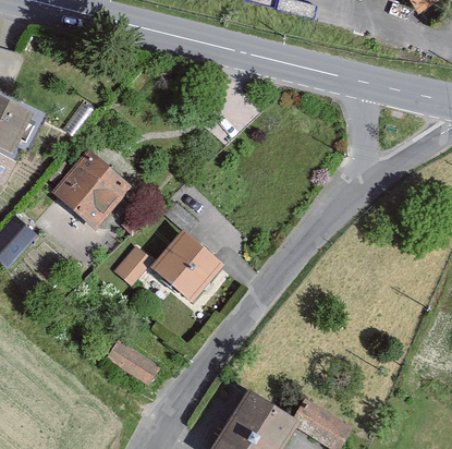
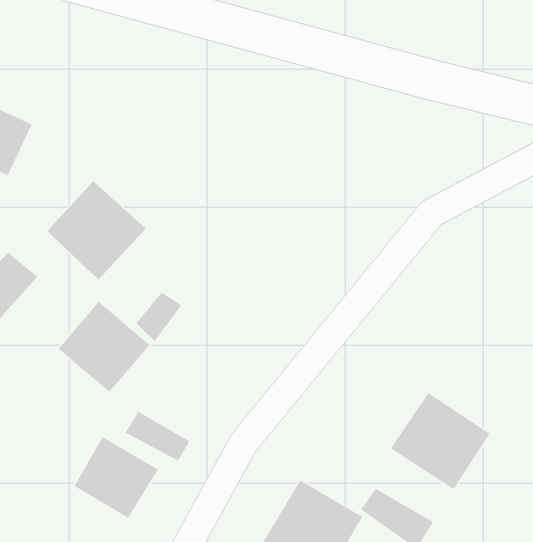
building: [145,235,219,308] -> [57,301,151,393]
building: none -> [390,392,490,490]
building: none -> [74,436,159,519]

